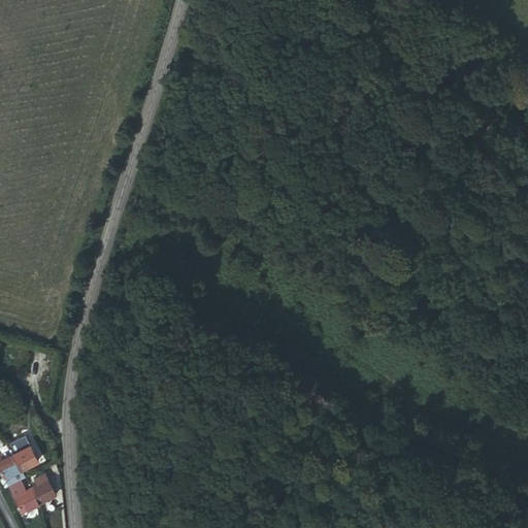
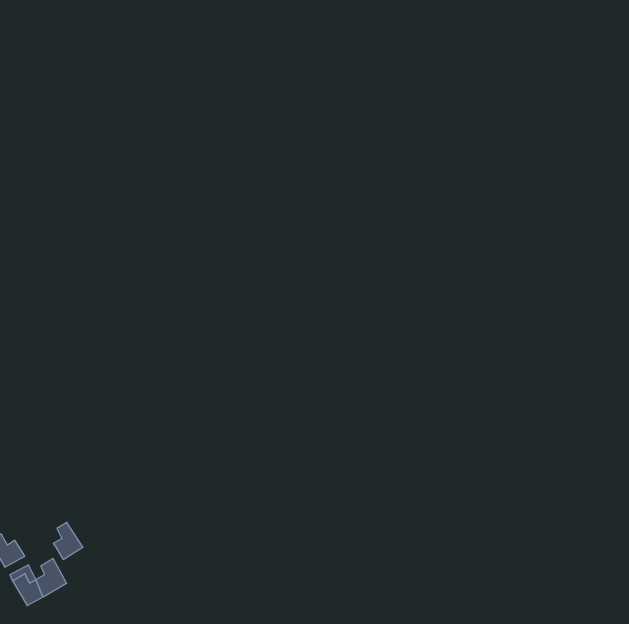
building: [12,439,37,470] -> [53,522,83,559]

